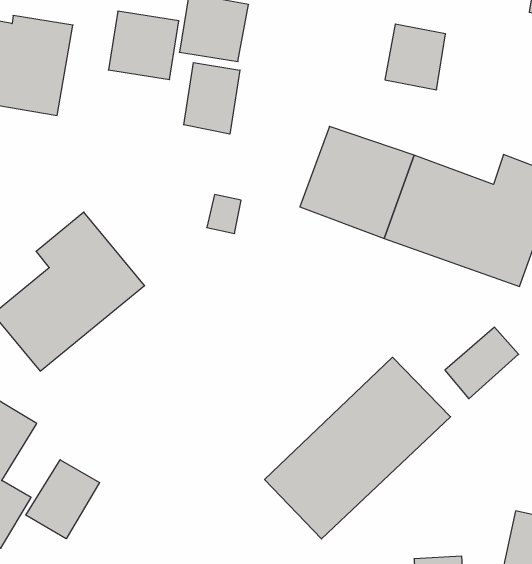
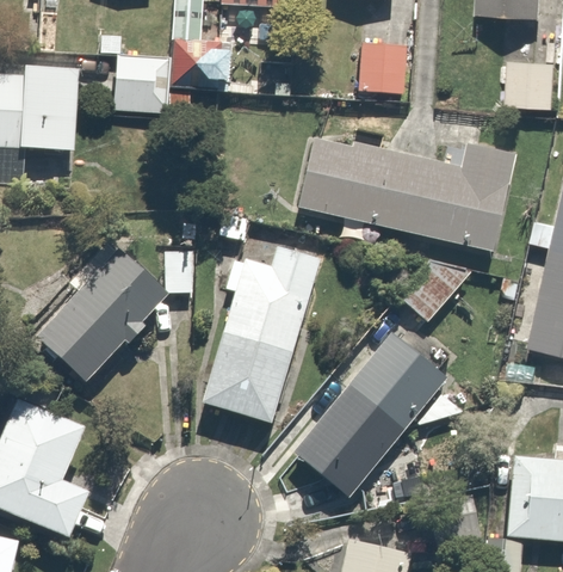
building: [184,63,240,134] -> none
building: none -> [202,242,322,422]
building: [445,327,519,399] -> [404,258,468,324]
building: [26,460,100,539] -> none

